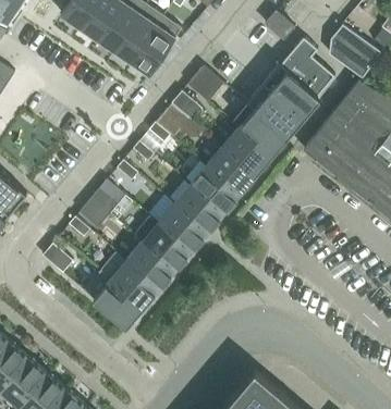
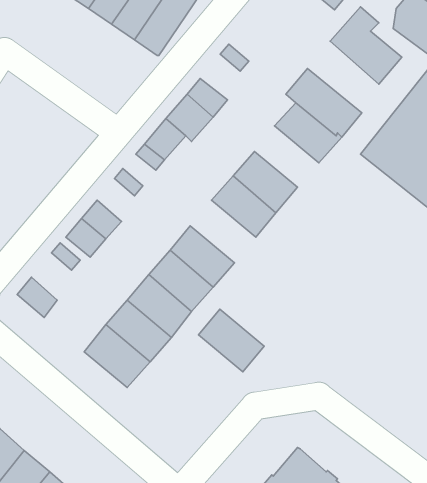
building: [264,63,321,117] -> none
building: [223,127,272,174] -> none
building: [174,184,224,232] -> [198,309,264,372]

